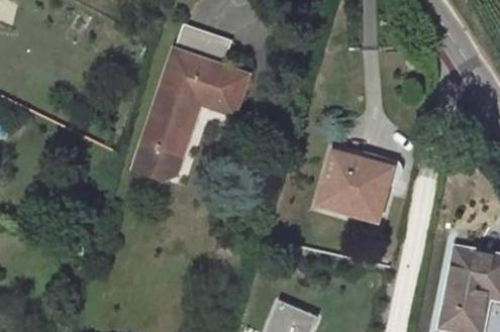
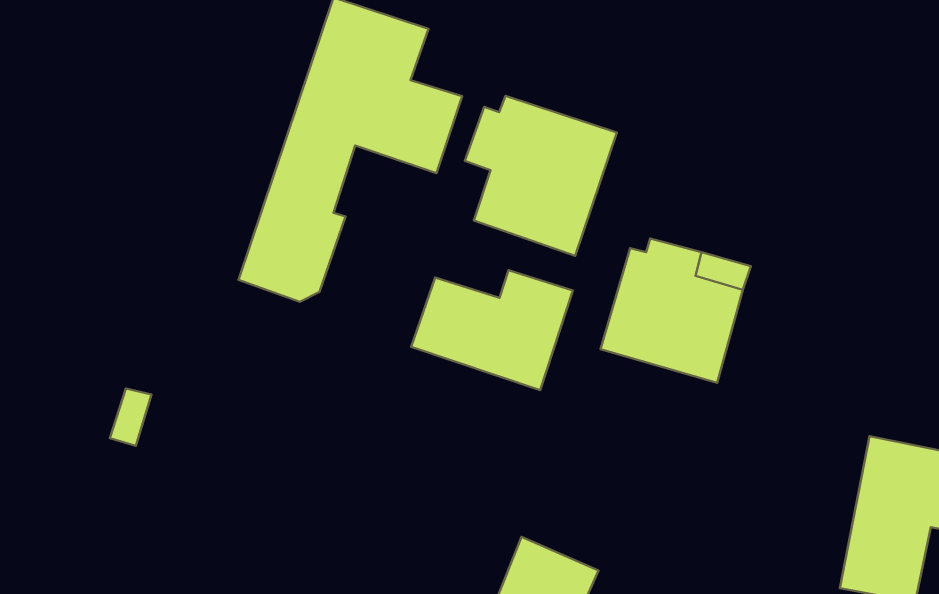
building: none -> [465,96,617,256]
building: none -> [411,270,573,390]

